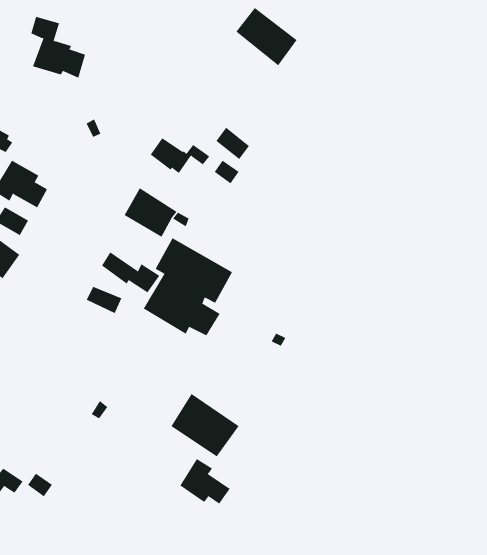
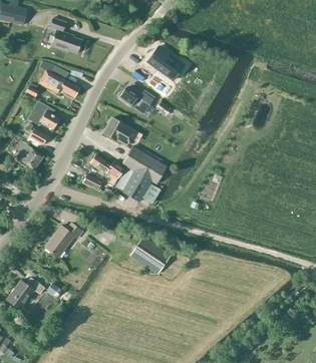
building: [235,7,298,66] -> [149,48,186,82]
building: none -> [39,65,79,97]
building: none -> [45,223,82,257]
building: [180,458,230,504] -> none

